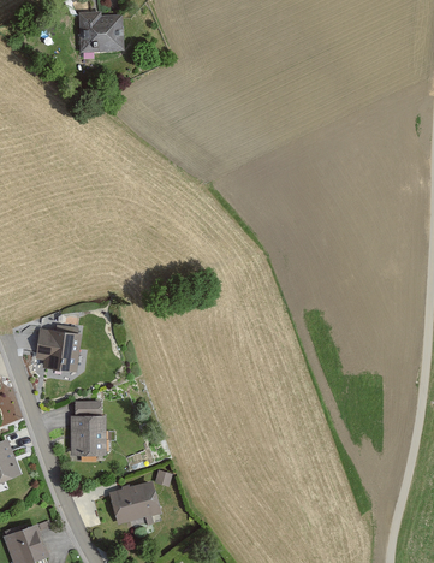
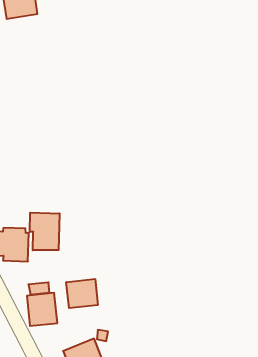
building: none -> [30,213,60,250]
building: none -> [66,279,98,308]

